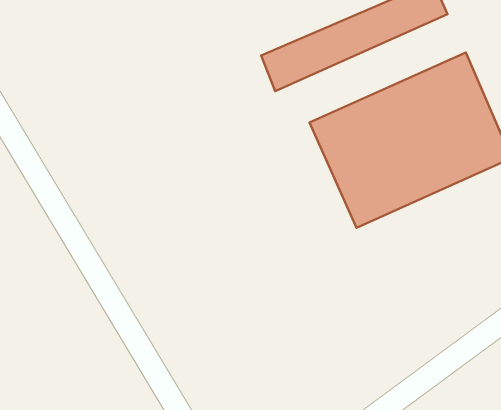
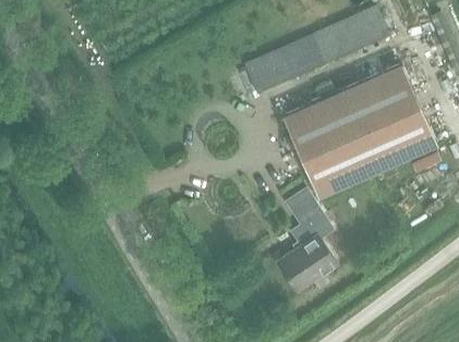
building: none -> [278,187,338,291]

